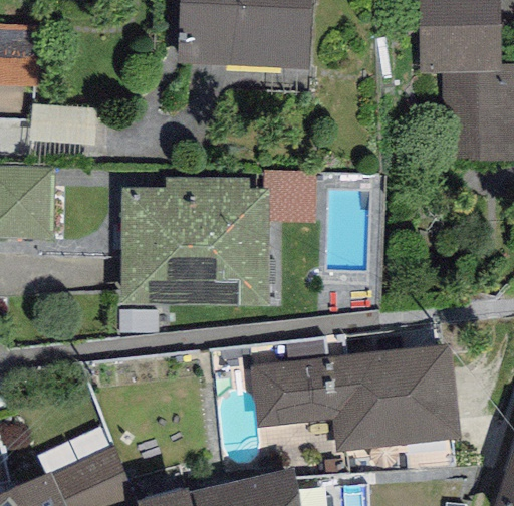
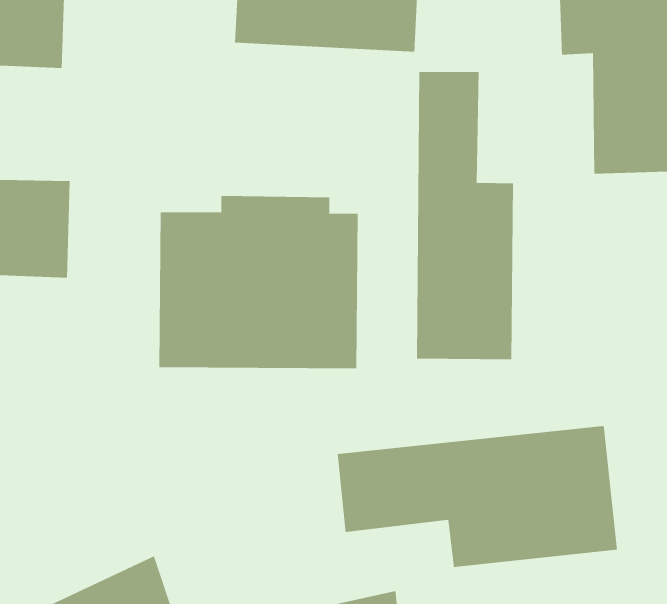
building: none -> [416,71,513,360]

